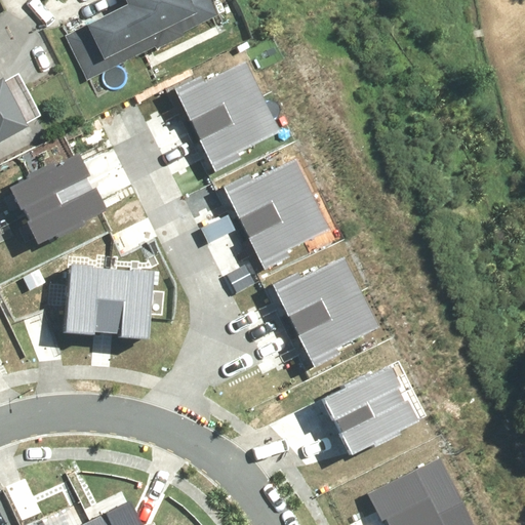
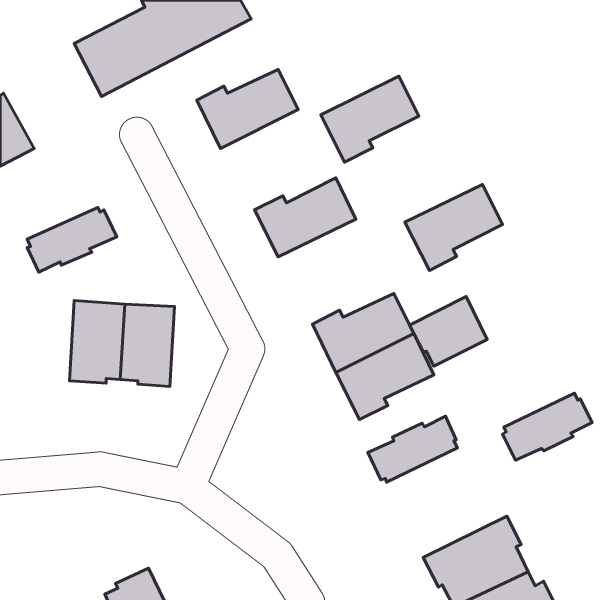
building: [194,97,279,172] -> [321,76,419,162]
building: [10,153,89,210] -> none
building: [244,193,329,268] -> [405,185,503,271]
building: none -> [409,297,487,366]
building: [337,392,415,450] -> [503,393,592,460]

